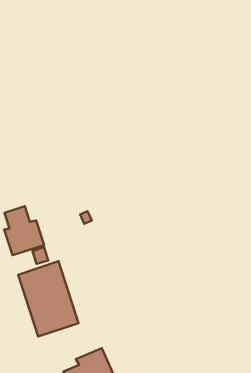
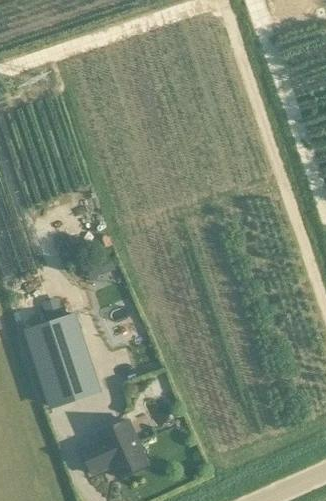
building: [4,206,44,255] -> none

